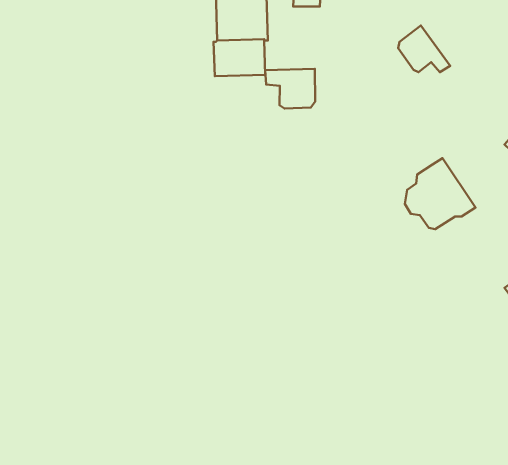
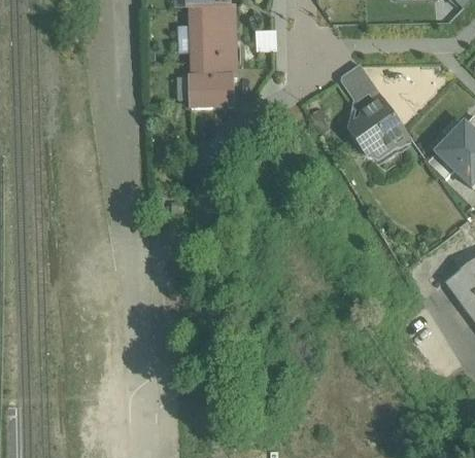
building: [265,69,315,108] -> none
building: [405,158,476,229] -> [352,98,410,155]

